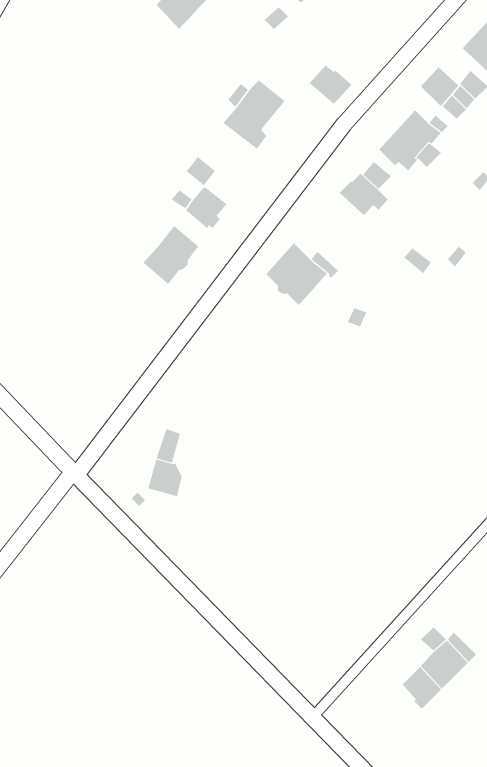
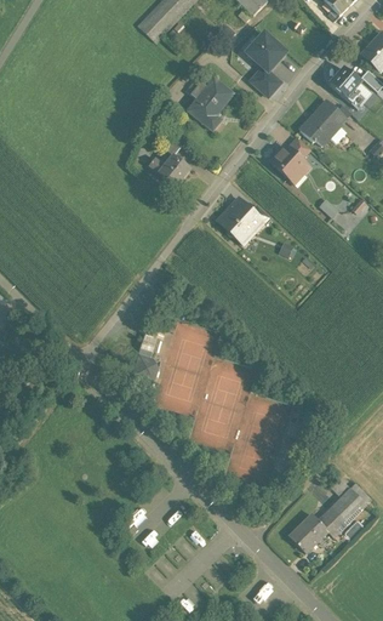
building: none -> [246,34,285,73]
building: [142,225,199,285] -> none
building: none -> [288,514,327,553]

